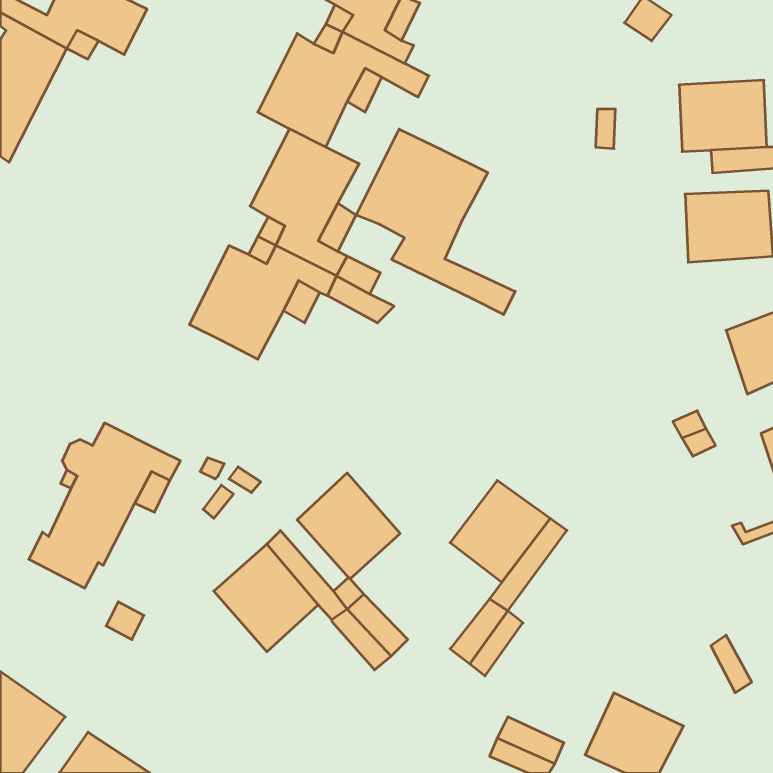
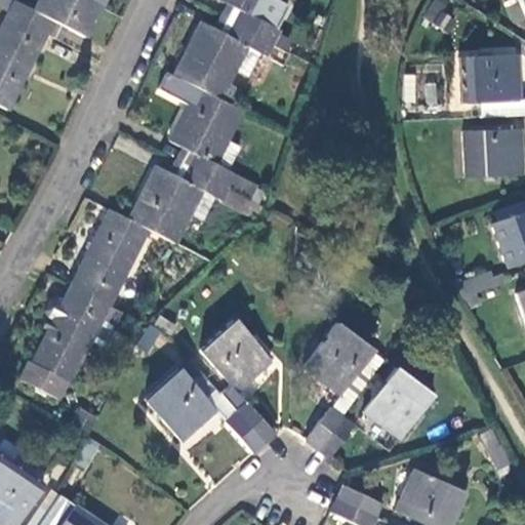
building: [356,129,515,315] -> none
building: none -> [72,210,150,306]
building: none -> [364,368,433,439]

